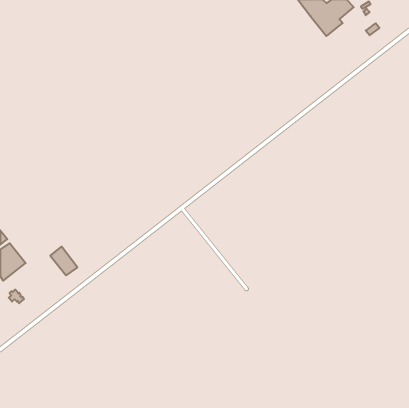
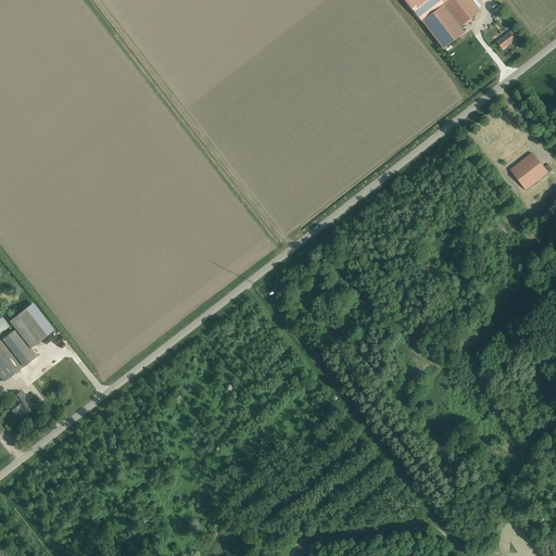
building: none -> [510,152,547,189]
building: [50,247,77,275] -> [10,307,47,346]

